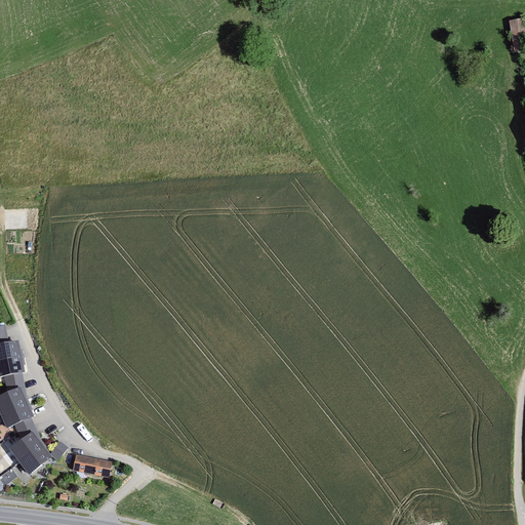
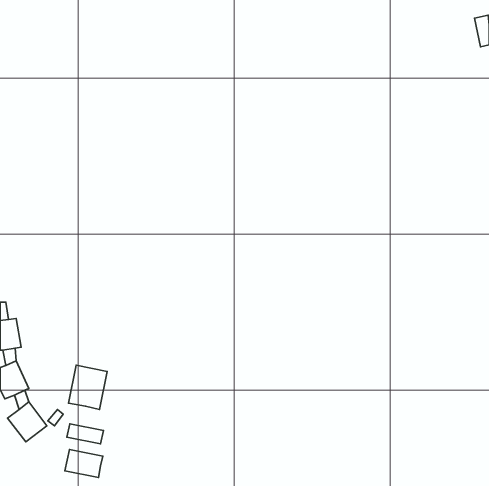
building: none -> [69,365,107,410]
building: none -> [65,450,103,477]

